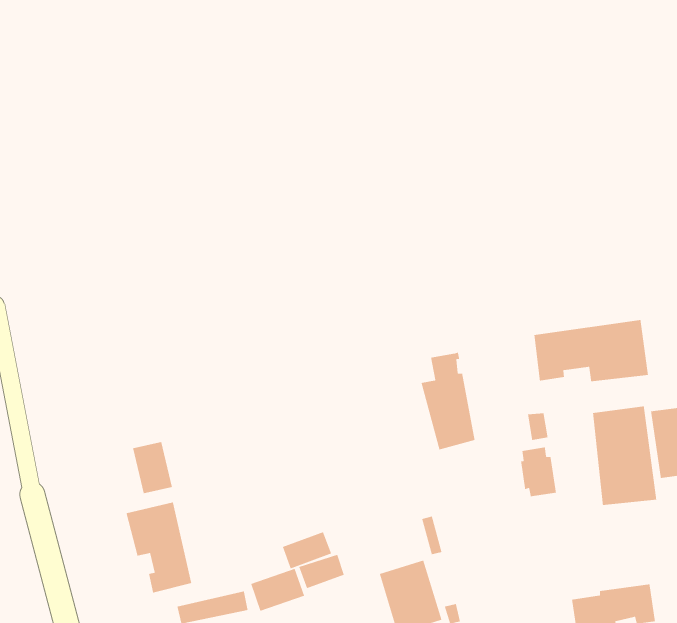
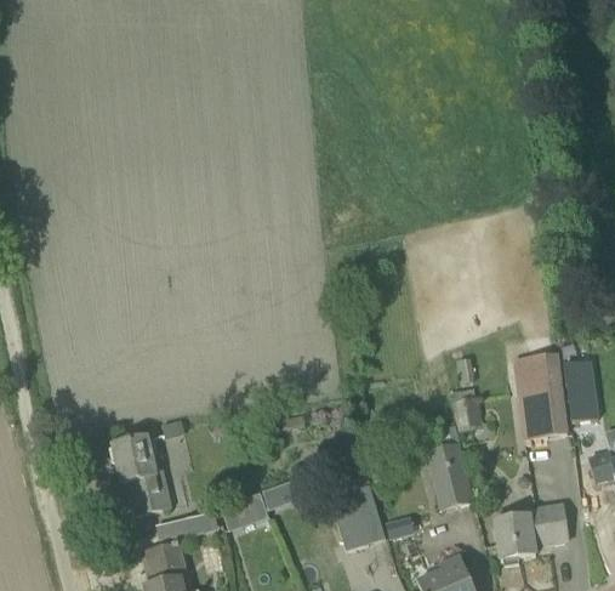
building: [534,319,649,382] -> none
building: [420,351,476,450] -> [426,425,473,510]
building: [132,441,173,494] -> none
building: [282,531,332,570] -> none

